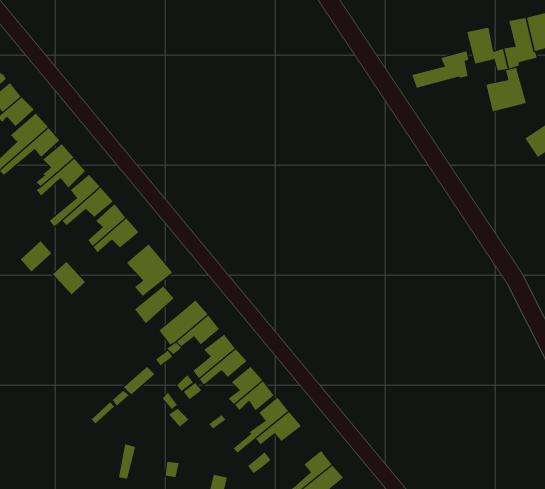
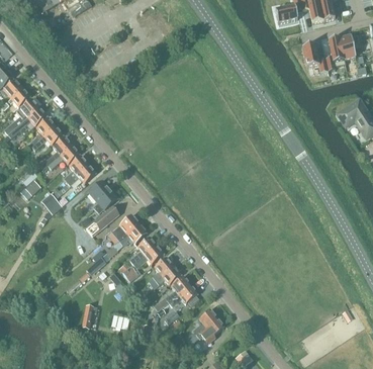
building: [411,51,469,88] -> none
building: [486,67,527,112] -> none

